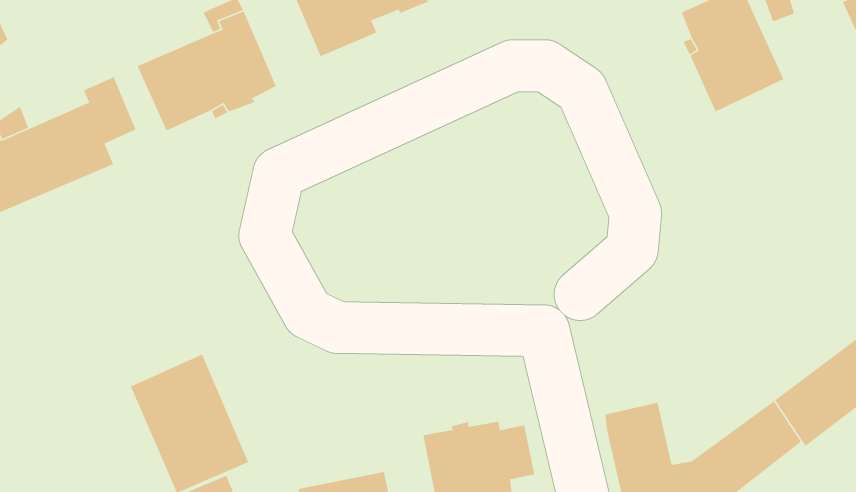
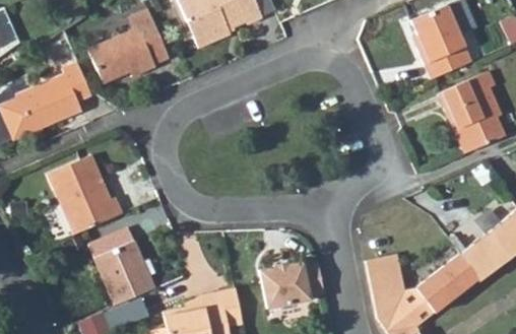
building: none -> [437,74,504,155]
building: none -> [49,154,123,233]

